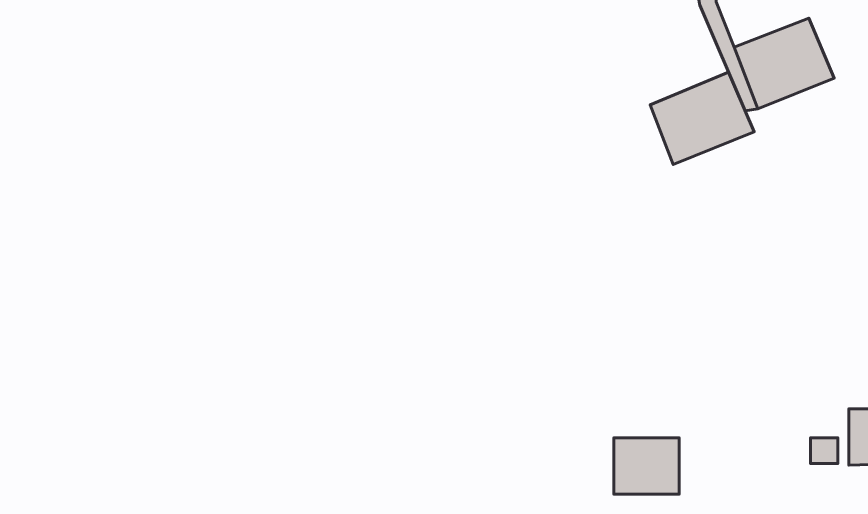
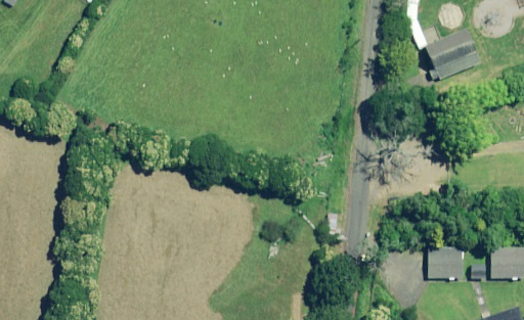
building: [650,72,754,164] -> none
building: [614,438,679,494] -> [428,246,465,278]

